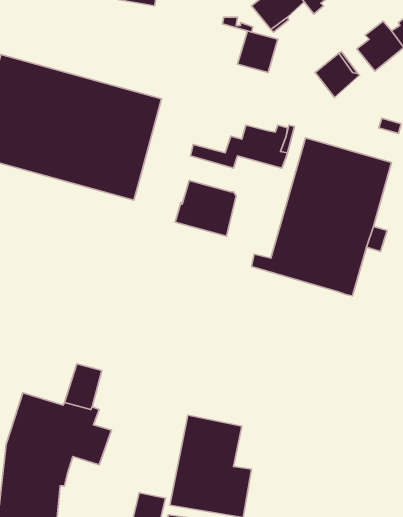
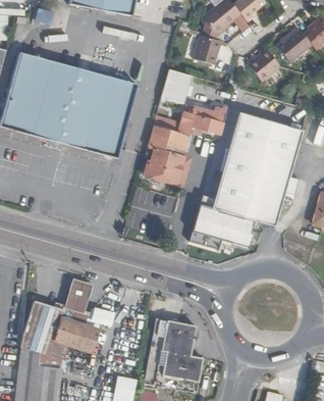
building: none -> [164,70,192,103]
building: none -> [152,126,191,152]
building: none -> [191,207,255,253]

